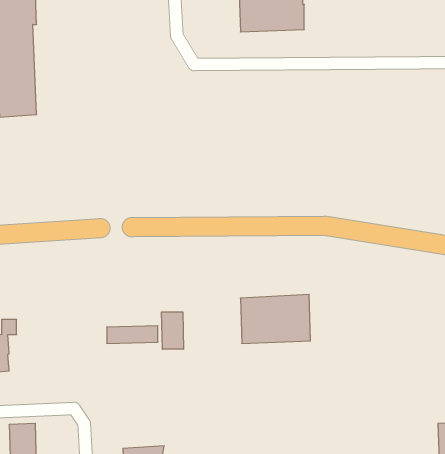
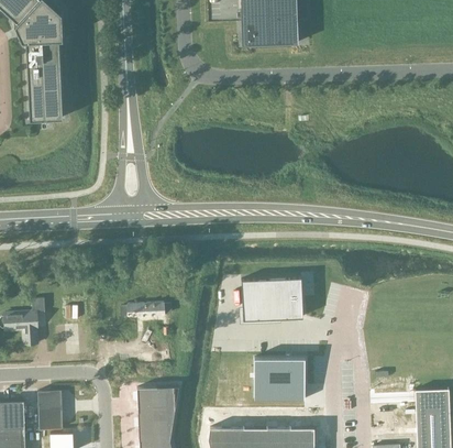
building: [162,312,184,349] -> none
building: none -> [255,358,306,400]
building: none -> [137,386,179,413]

